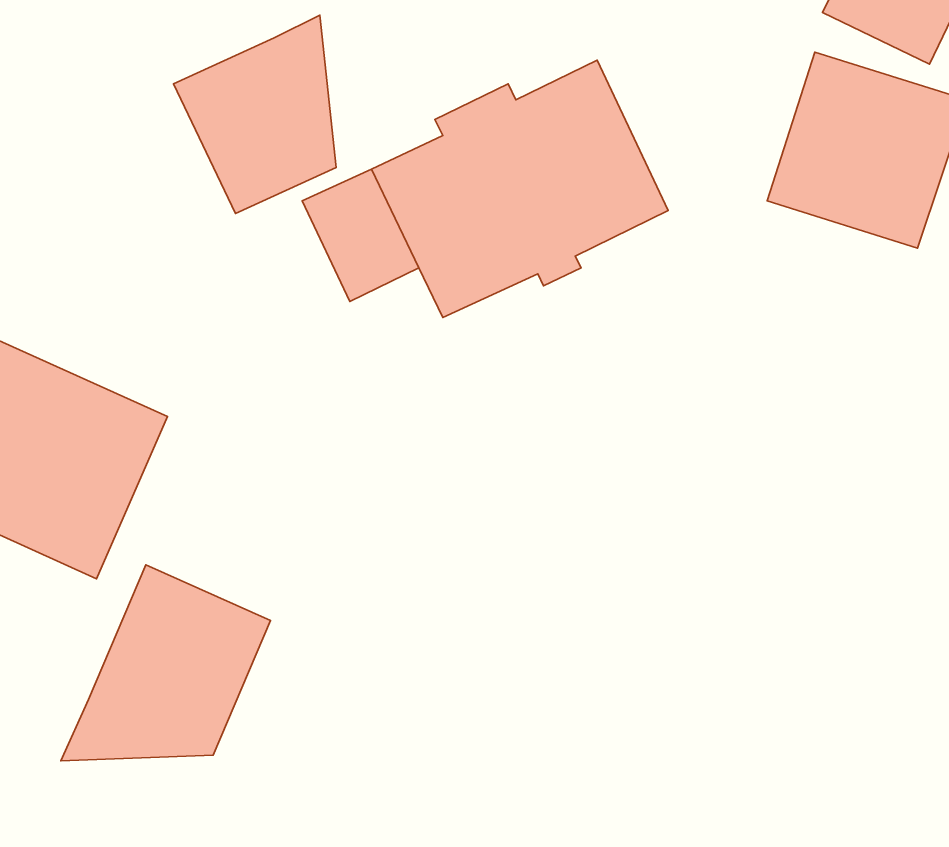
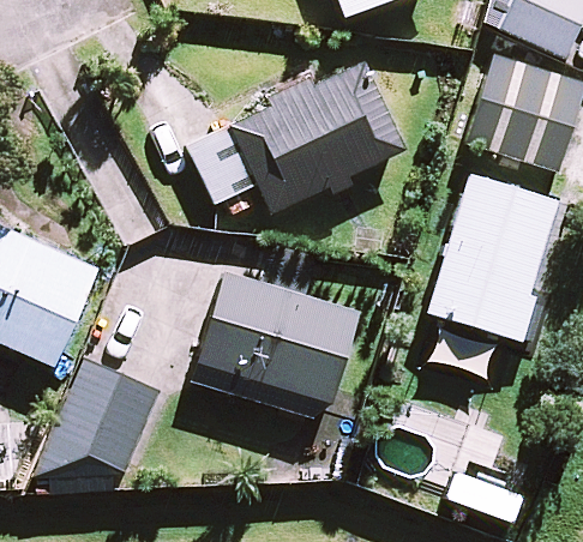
building: [174,15,336,214] -> none
building: none -> [426,170,558,338]
building: none -> [198,275,365,421]

